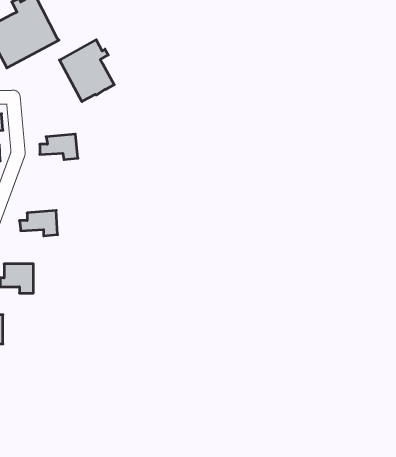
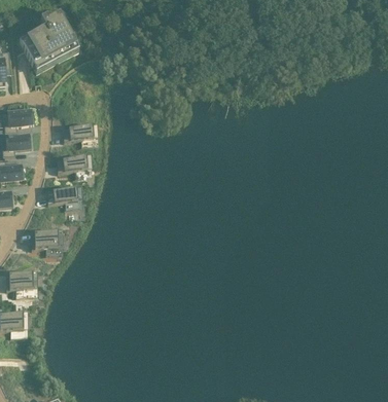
building: [59,40,114,102] -> none
building: none -> [57,156,87,177]

